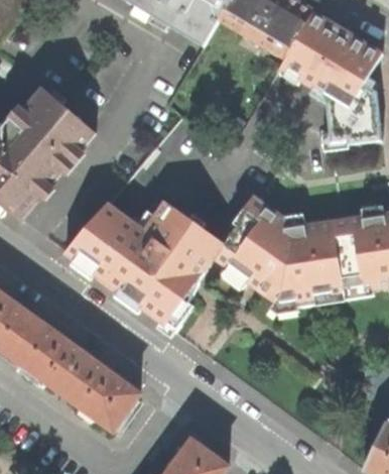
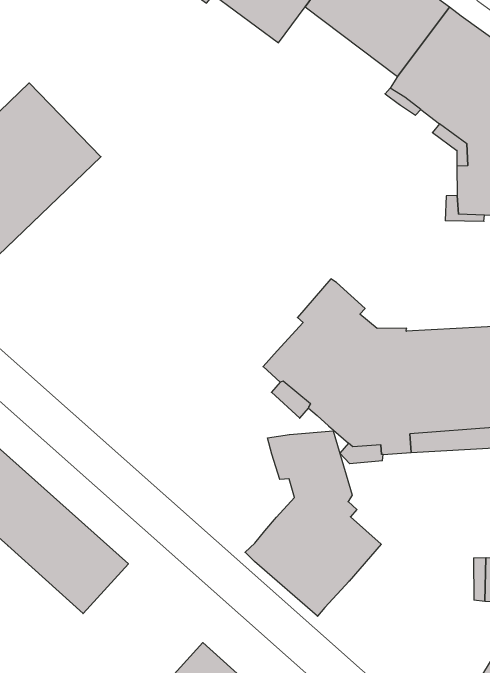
building: [66,202,223,324] -> none
building: none -> [245,431,381,616]

